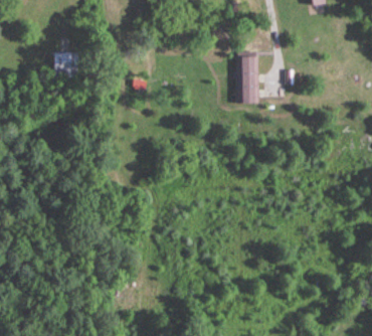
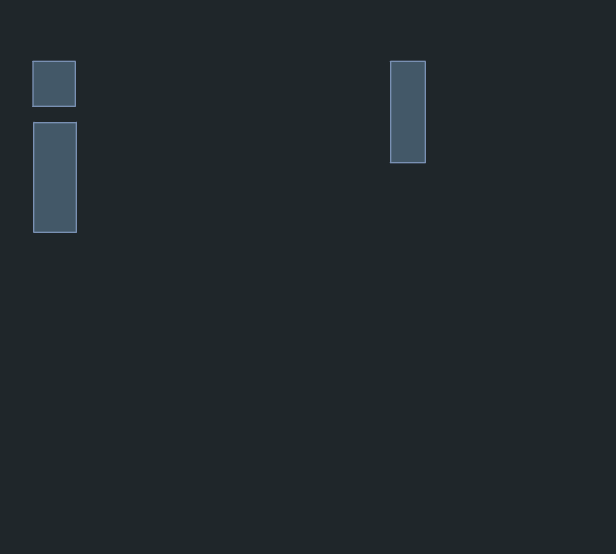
building: none -> [34,122,76,232]

